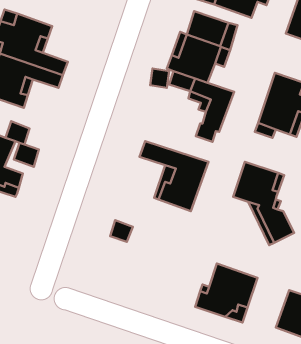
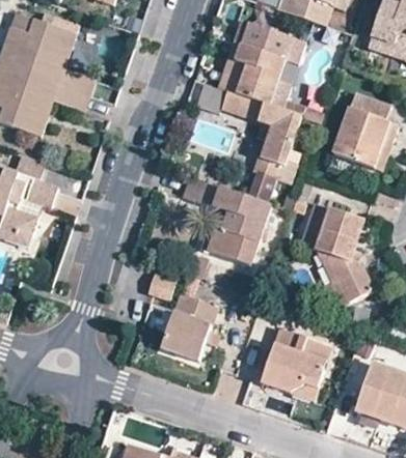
building: none -> [163,298,217,365]

